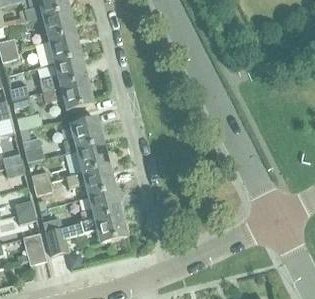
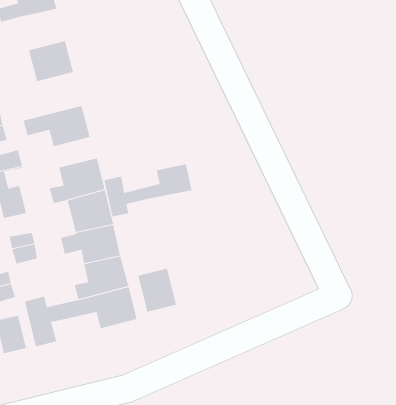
building: [41,11,74,41] -> none
building: [40,57,86,92] -> none
building: none -> [104,164,192,217]
building: none -> [138,268,177,313]

